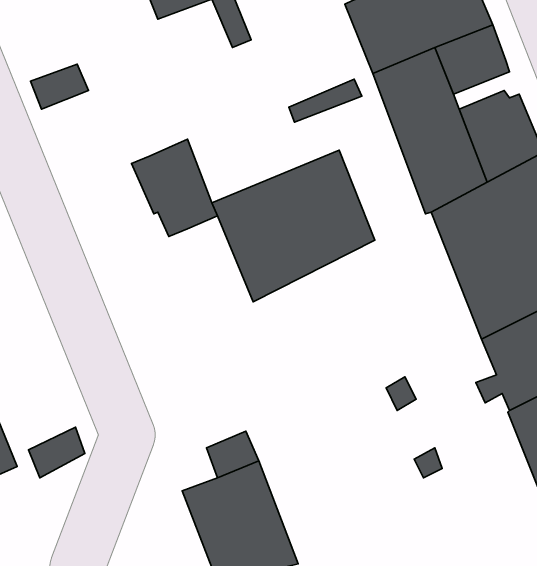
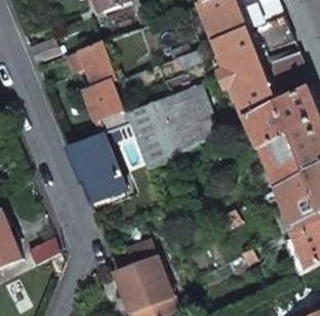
building: none -> [64,42,113,87]
building: none -> [67,127,122,202]

